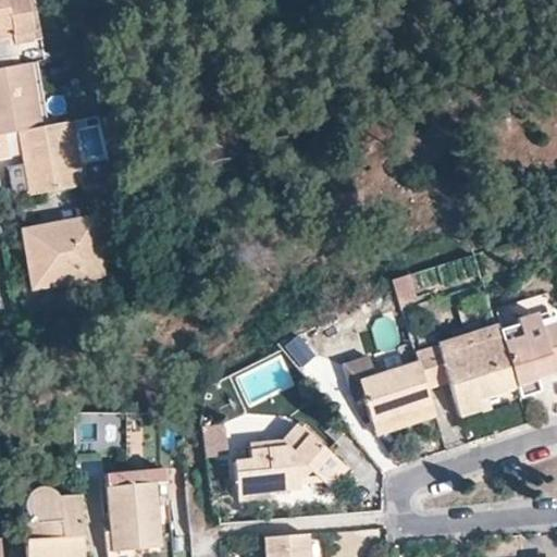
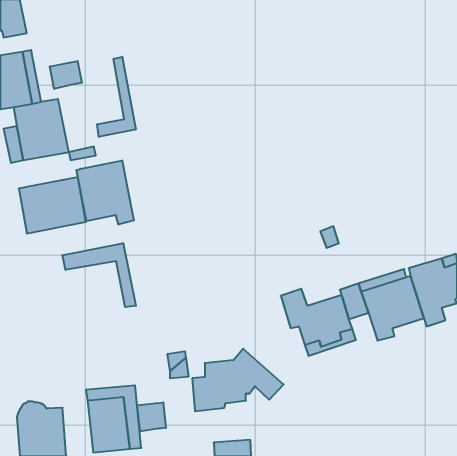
building: none -> [97,57,136,137]
building: none -> [50,61,82,89]
building: none -> [76,160,134,225]
building: none -> [62,243,136,307]
building: none -> [137,402,166,432]

